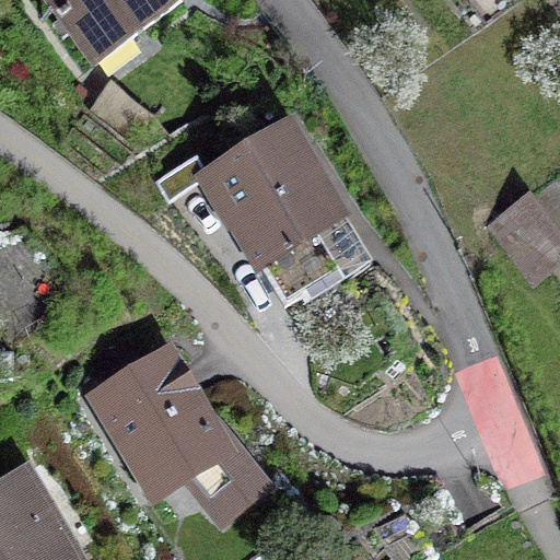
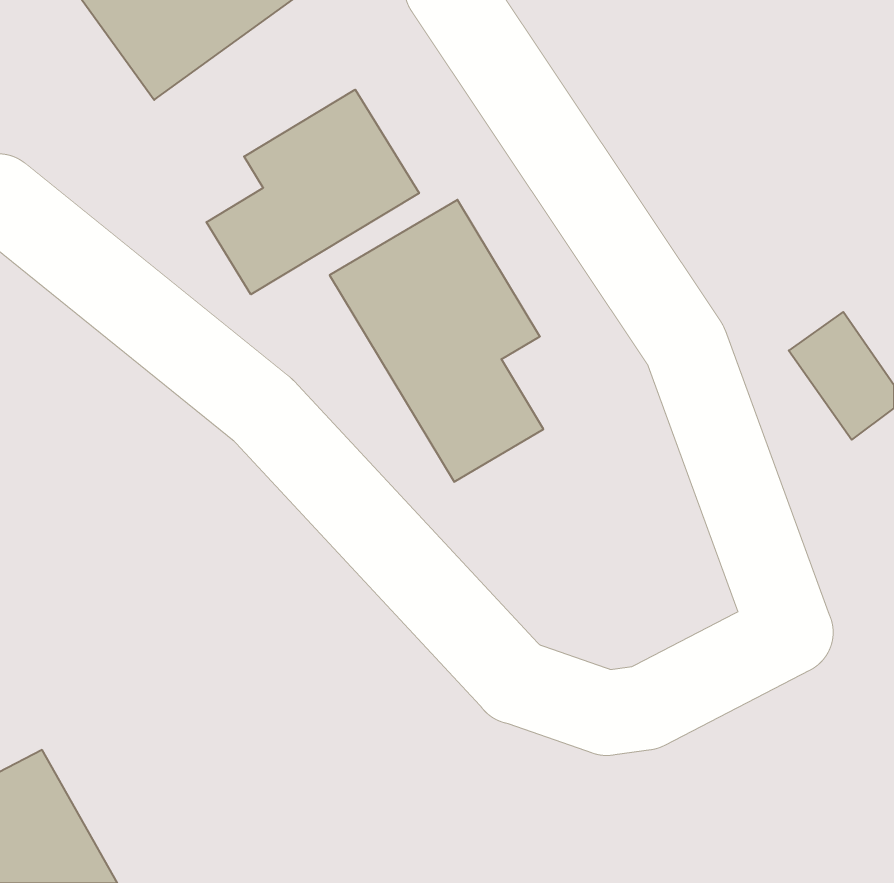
building: none -> [206,90,419,294]
building: [96,349,264,513] -> none

